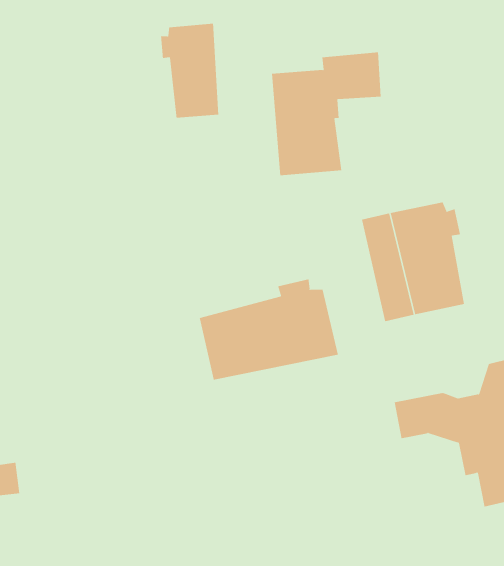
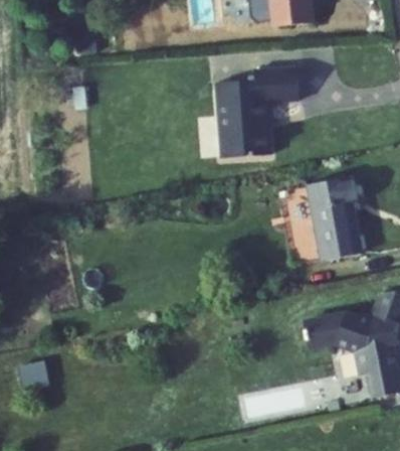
building: [161,23,219,119] -> none
building: [199,278,339,380] -> none

